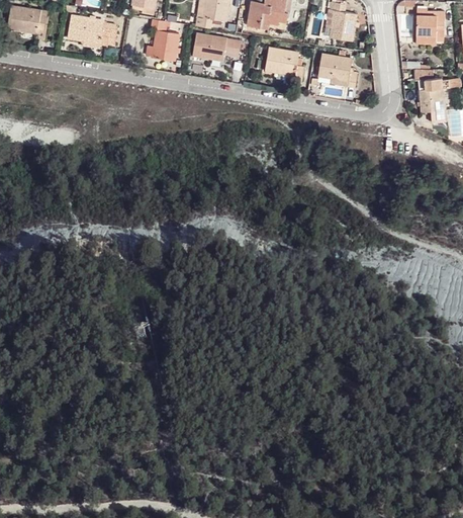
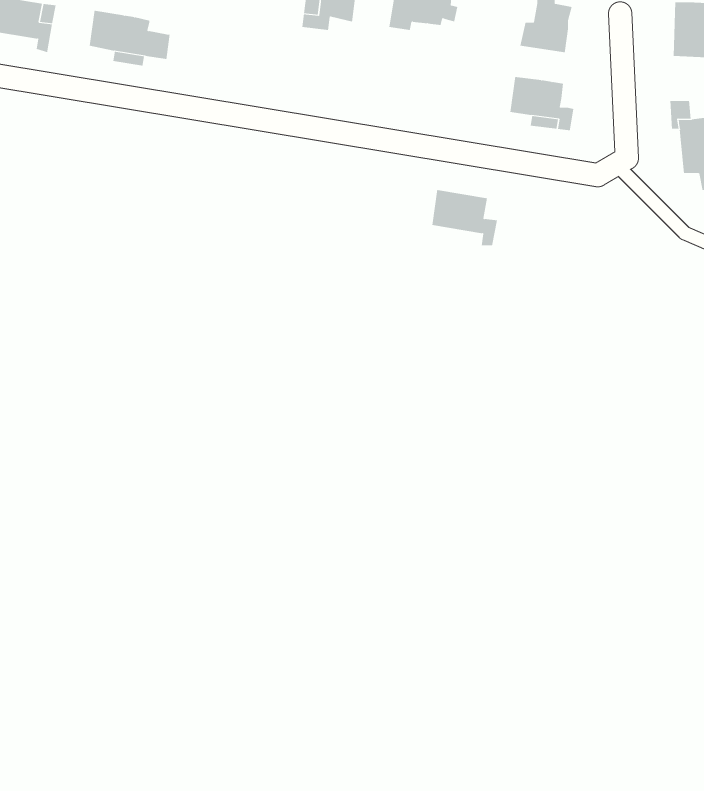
building: [151,18,179,61] -> none
building: [193,33,241,60] -> none
building: [265,49,304,82] -> [432,190,498,246]

